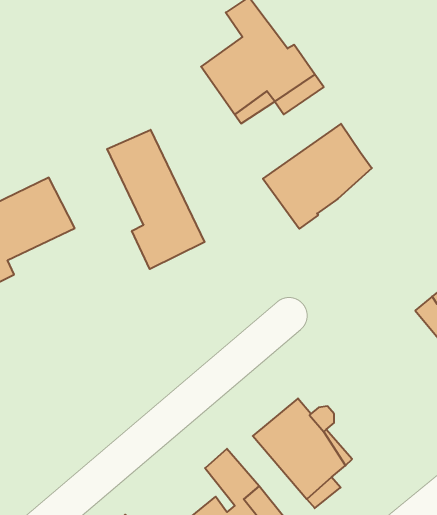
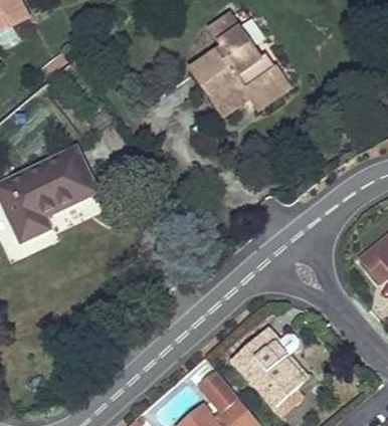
building: [263,124,372,229] -> none
building: [107,130,205,269] -> none

